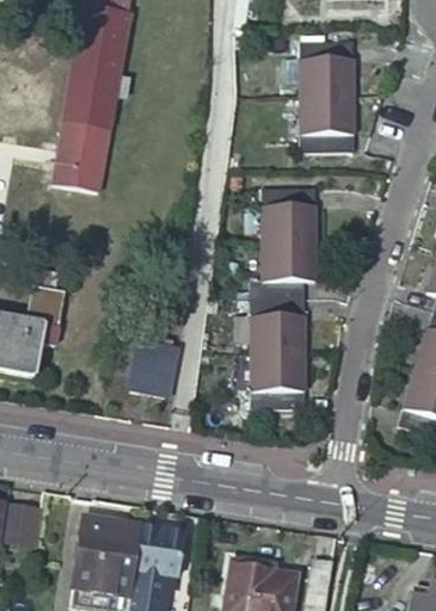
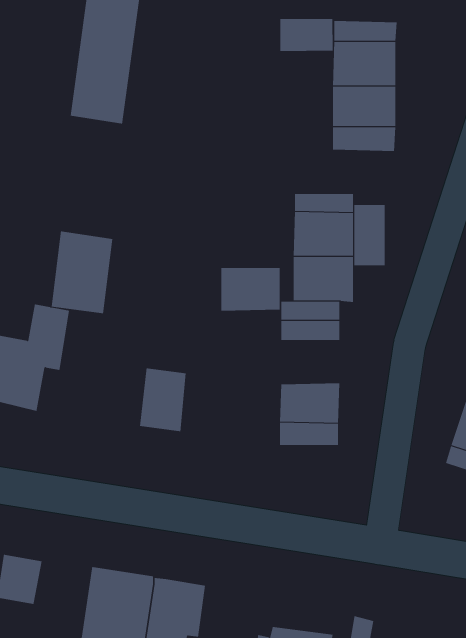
building: none -> [280,18,333,52]
building: [57,119,112,192] -> [51,231,113,314]
building: none -> [354,204,385,266]
building: [251,316,303,354] -> [221,268,280,311]

